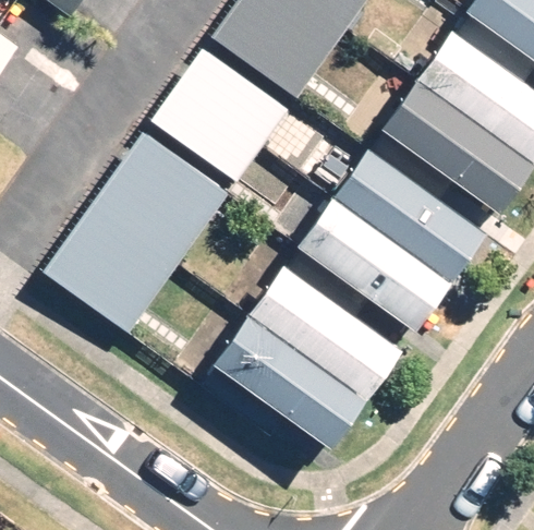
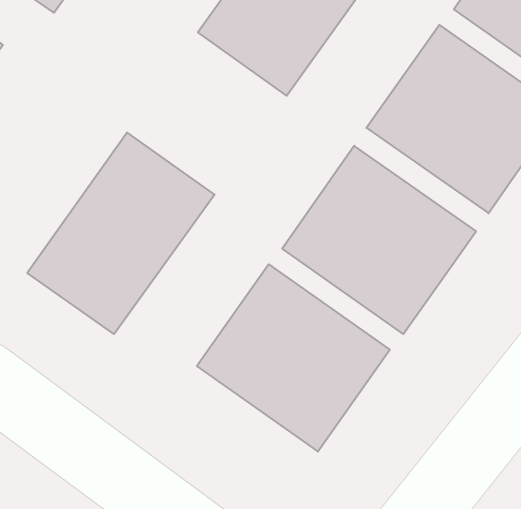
building: [151,50,290,183] -> none

